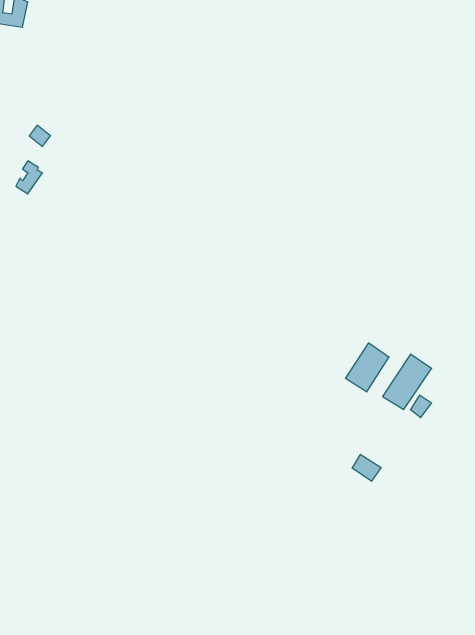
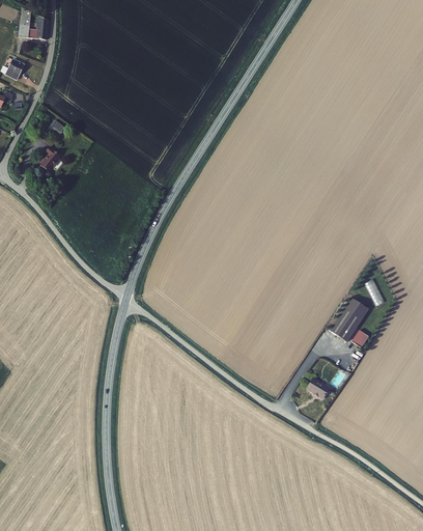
building: [345,343,389,392] -> none

